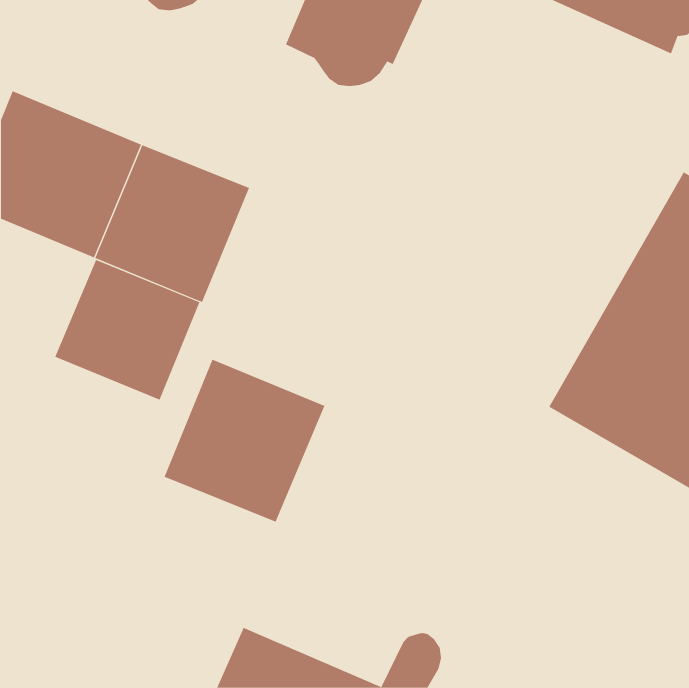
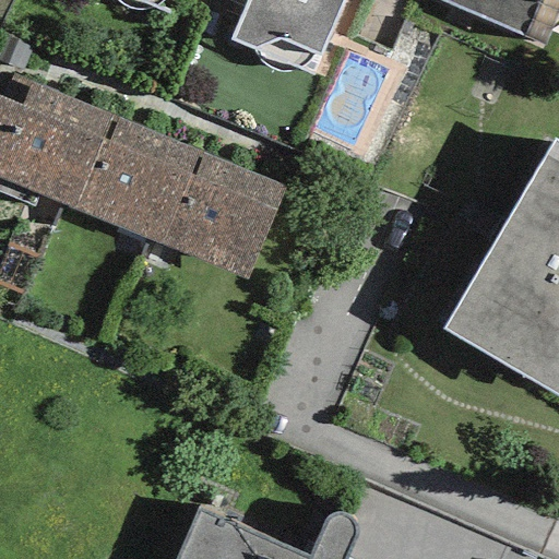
building: none -> [165,152,285,278]
building: [54,259,200,401] -> none
building: [164,359,325,523] -> none

